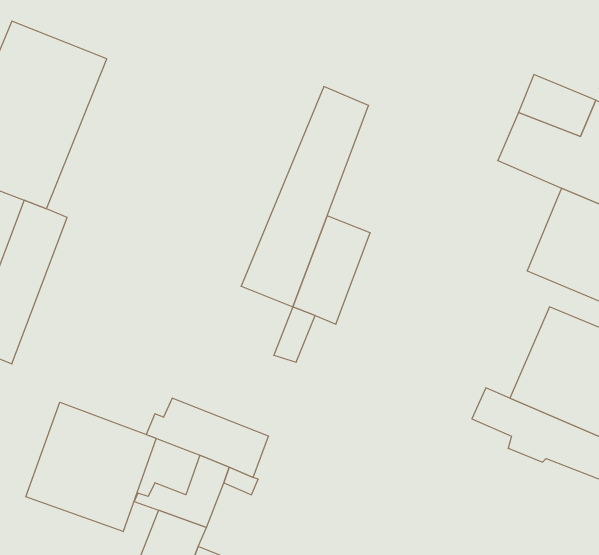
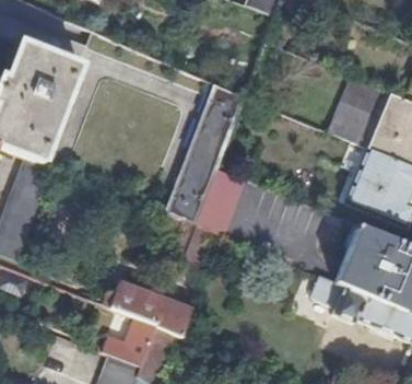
building: [26,402,156,532] -> none

